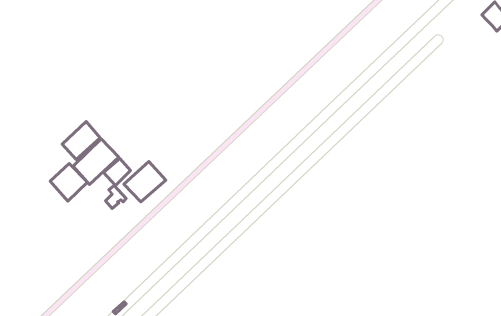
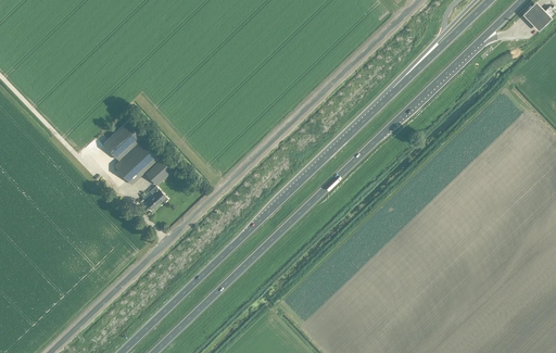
building: [124,161,166,202] -> none
building: [50,163,87,201] -> none

